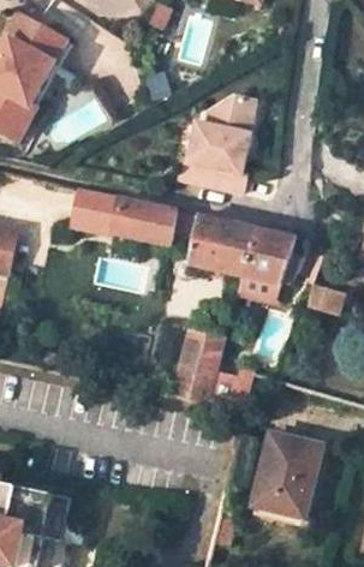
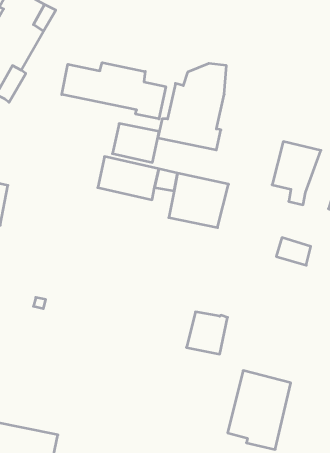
building: none -> [62,63,166,119]
building: [68,190,119,232] -> [112,124,159,162]
building: [241,228,294,297] -> [272,142,321,205]
building: [171,333,225,405] -> none

